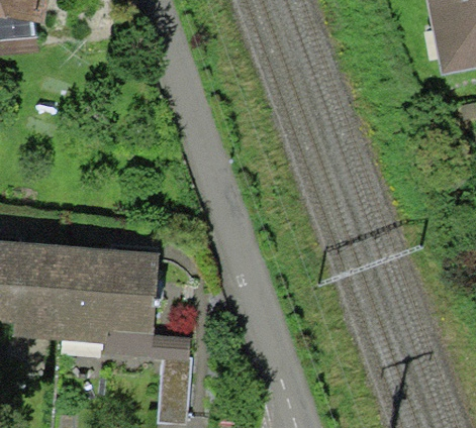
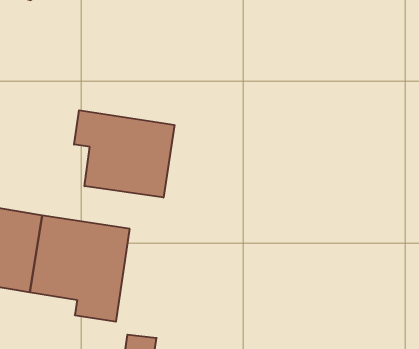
building: none -> [74,110,174,198]

